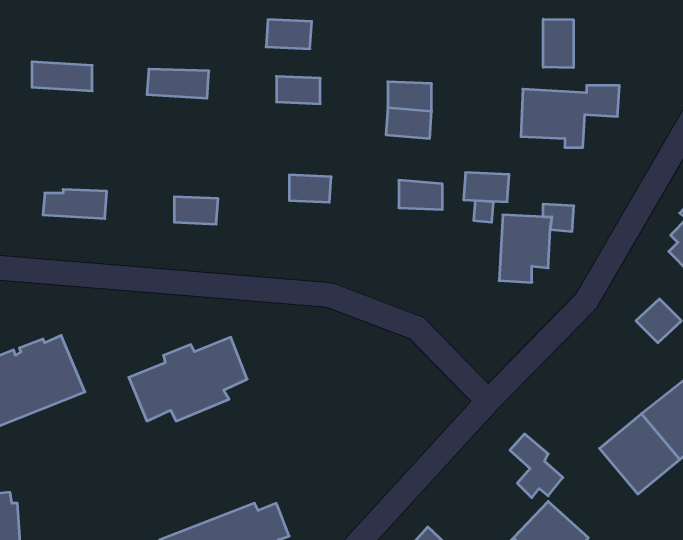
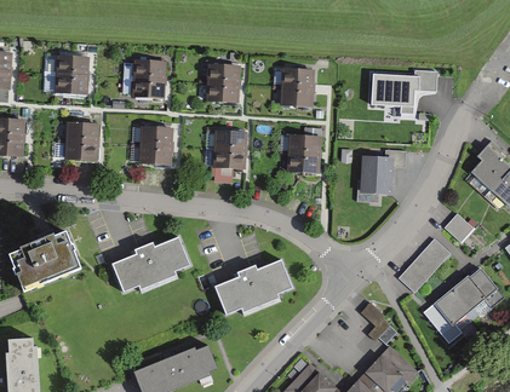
building: [543,19,573,68] -> none
building: [266,20,312,49] -> [207,81,237,100]
building: none -> [45,71,86,93]
building: none -> [122,76,162,97]
building: none -> [67,121,96,140]
building: none -> [141,126,171,145]
building: [464,173,509,202] -> [288,151,319,171]
building: none -> [216,146,243,167]
building: none -> [399,237,452,290]
building: none -> [212,256,296,318]

